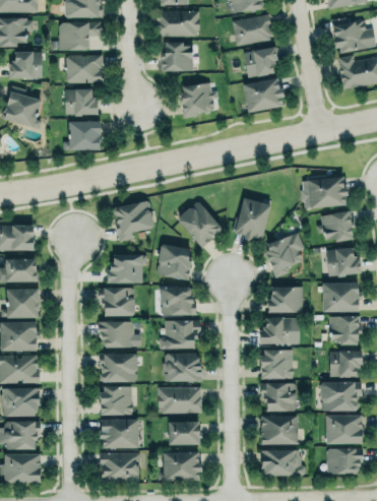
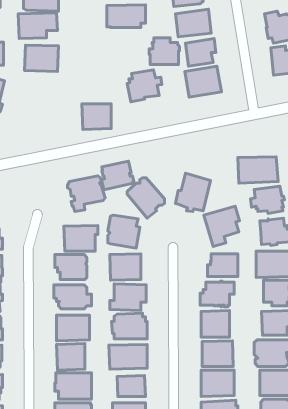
building: [161,41,194,70] -> [149,38,179,64]
building: [65,88,97,117] -> none
building: [68,122,101,150] -> [82,104,111,129]
building: none -> [101,161,134,190]

